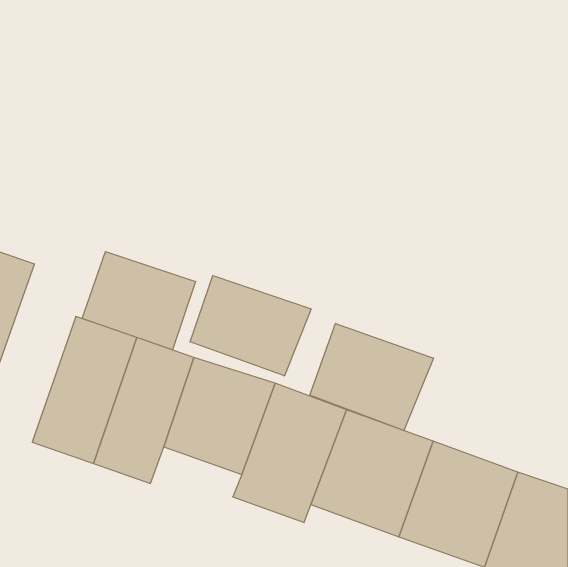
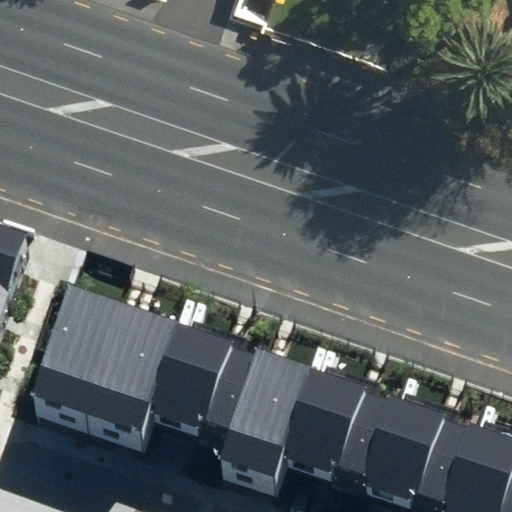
building: [82,252,196,350] -> none
building: [190,276,311,376] -> none
building: [310,323,434,431] -> none

